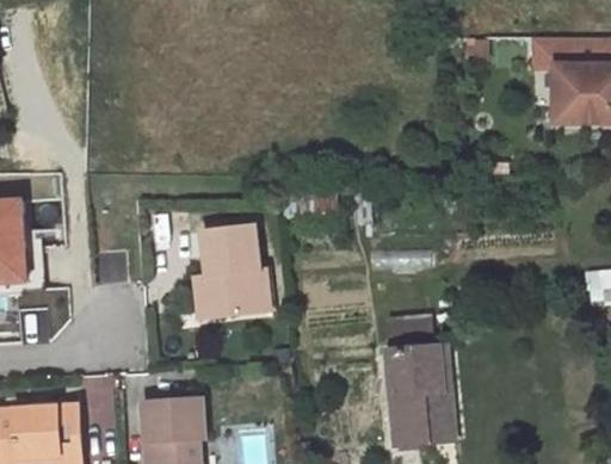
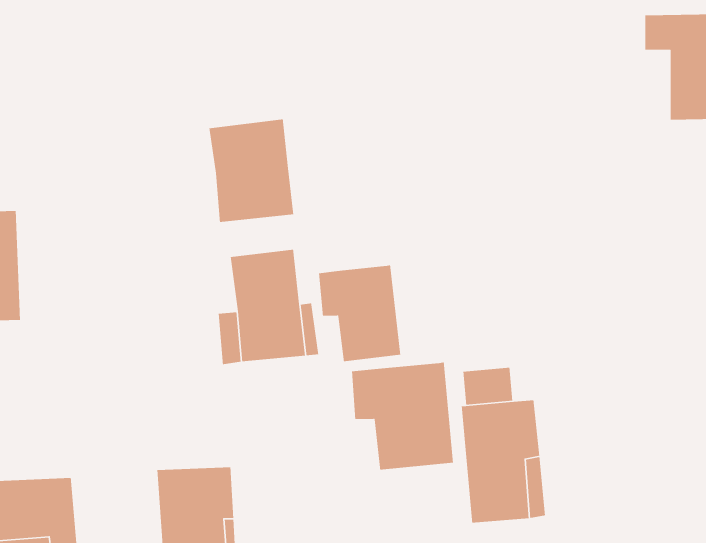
building: none -> [209,119,294,223]
building: none -> [318,264,401,362]
building: none -> [351,362,454,471]

